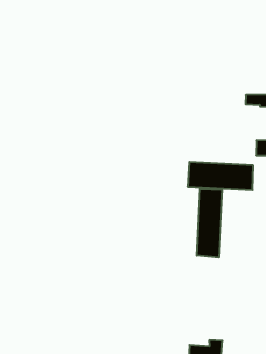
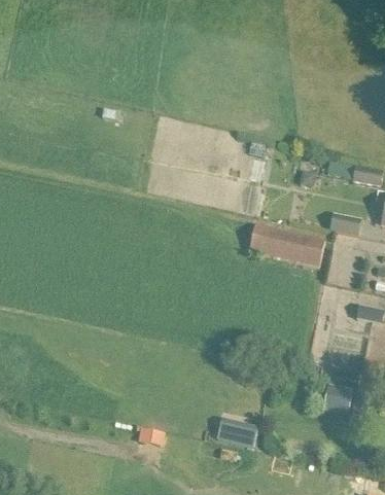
building: [197,189,222,257] -> none

